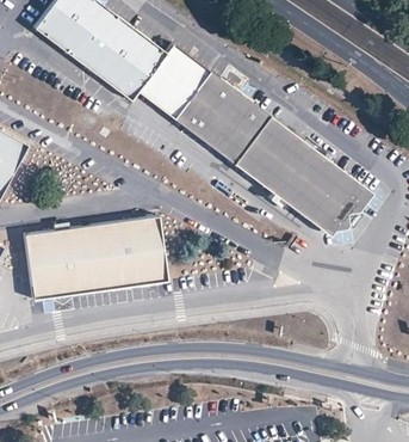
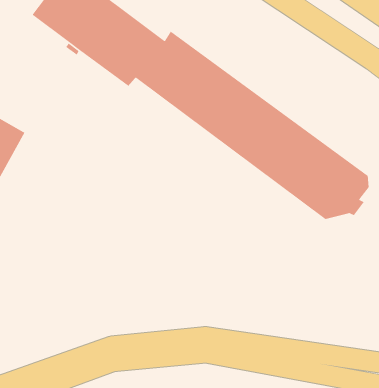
building: [24,216,167,300] -> none

